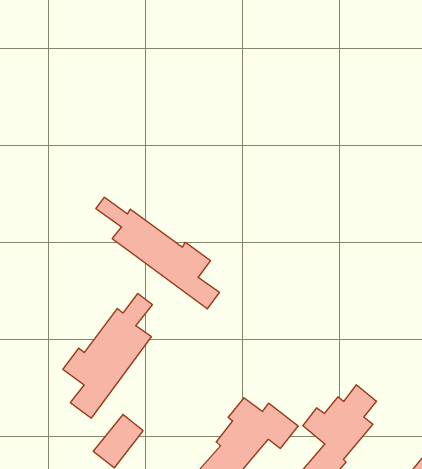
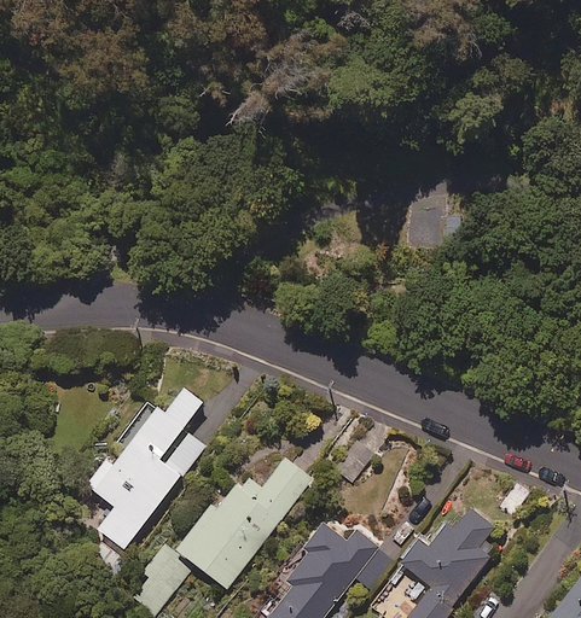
building: [96,197,219,309] -> none
building: none -> [176,457,312,588]

